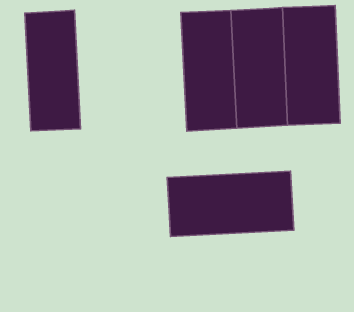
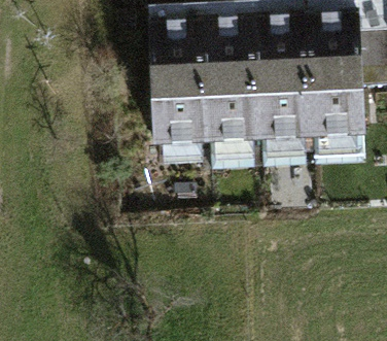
building: [25,10,81,131] -> [149,16,207,141]
building: [167,171,294,237] -> none

